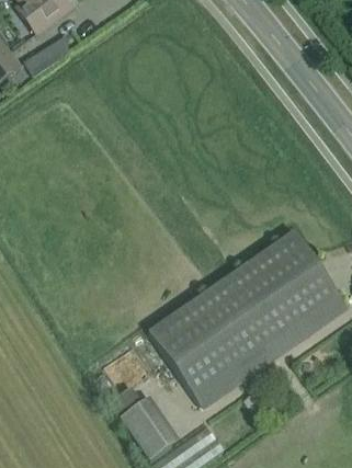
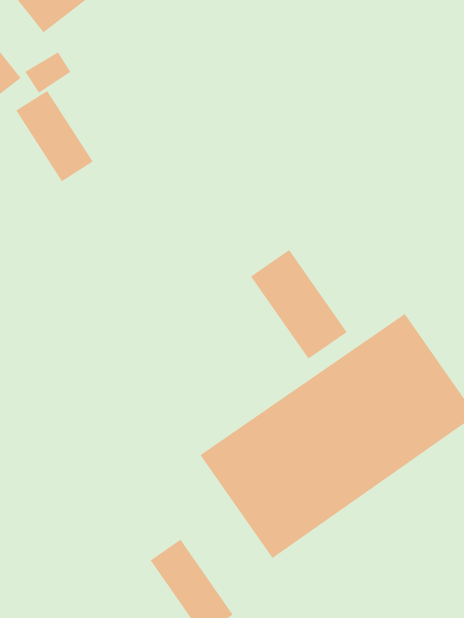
building: none -> [16,90,93,182]
building: none -> [250,249,348,359]

